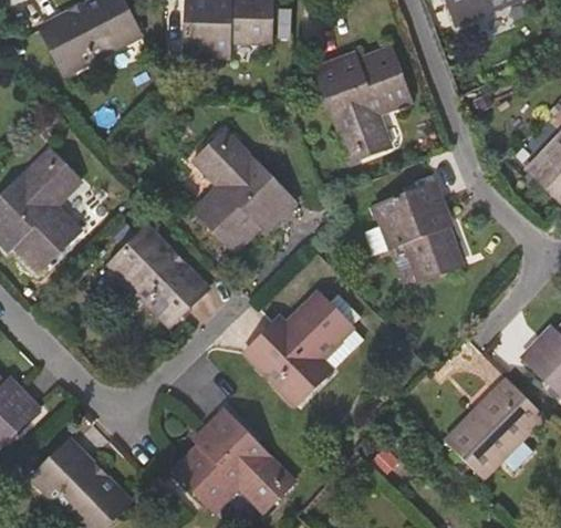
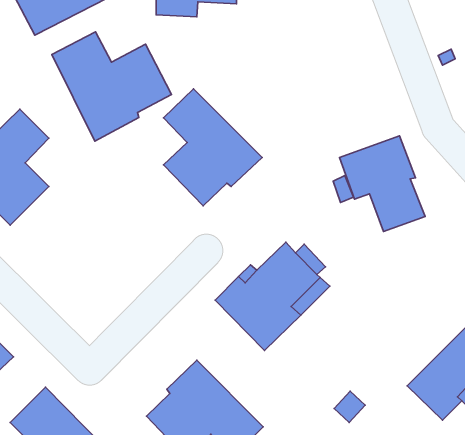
building: [316,48,412,161] -> none
building: none -> [52,32,171,141]
building: [107,228,205,324] -> none

